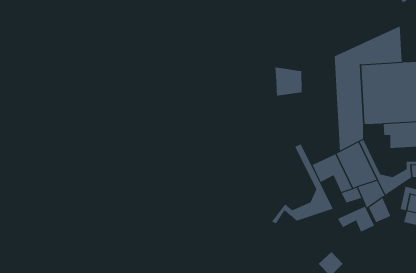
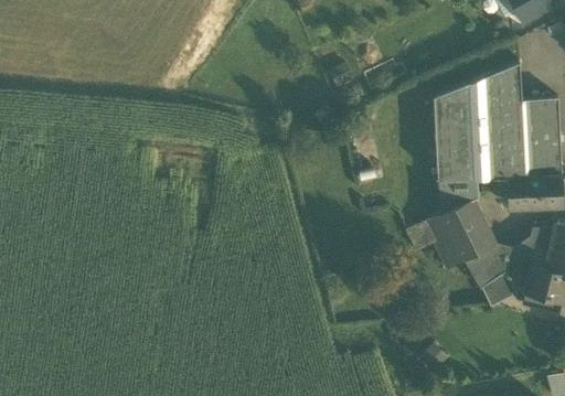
building: [275,67,302,97] -> none
building: [271,143,333,224] -> none
building: [337,206,375,233] -> none

